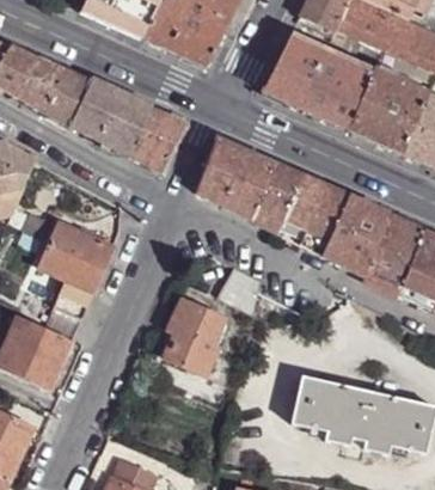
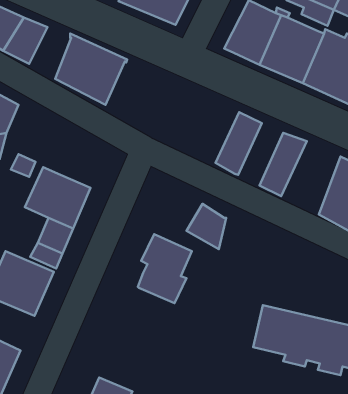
building: [43,67,90,124] -> none
building: [128,105,188,170] -> none
building: [194,134,276,218] -> none
building: [275,173,325,243] -> none
building: [323,194,388,275] -> none

